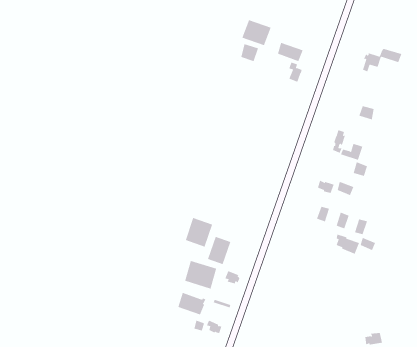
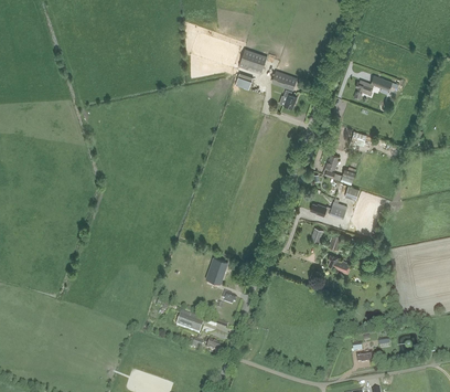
building: [185,217,213,247] -> none
building: [184,260,217,289] -> none

